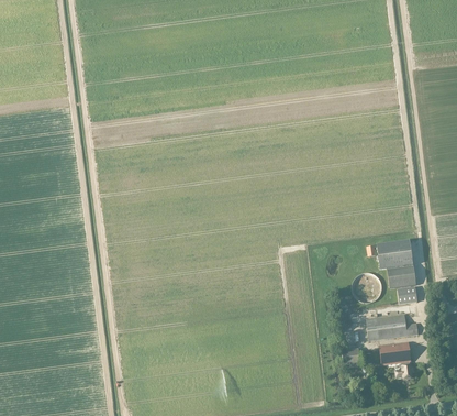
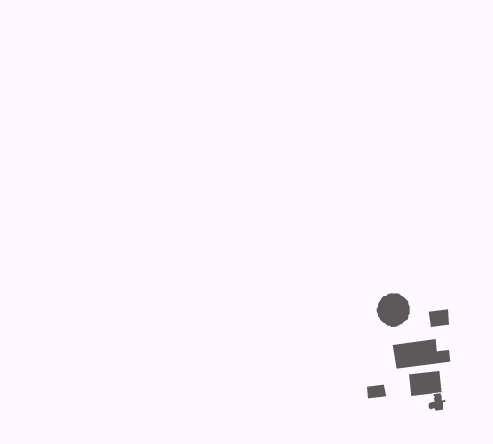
building: [377,238,415,286] -> none

